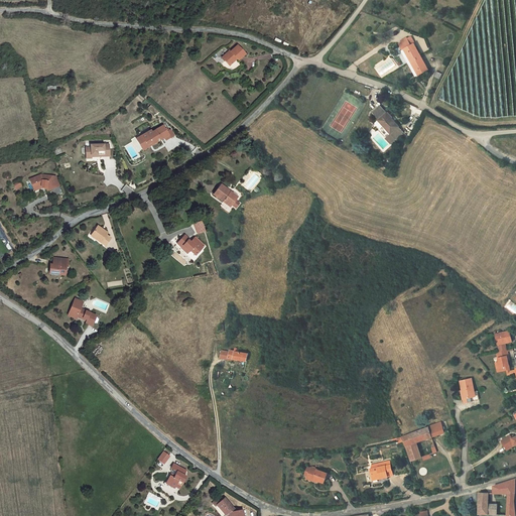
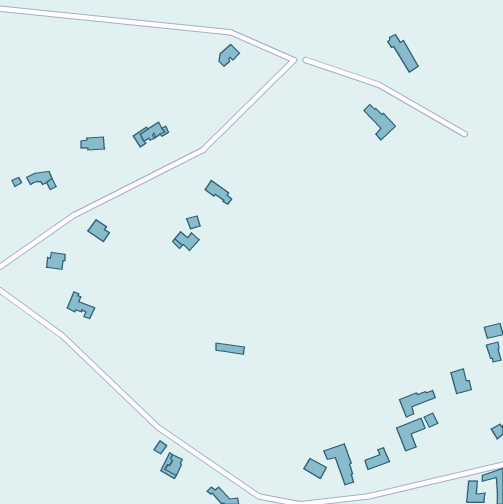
building: none -> [400,390,435,417]
building: none -> [324,444,354,485]

